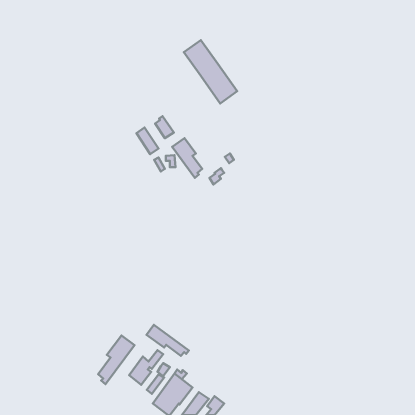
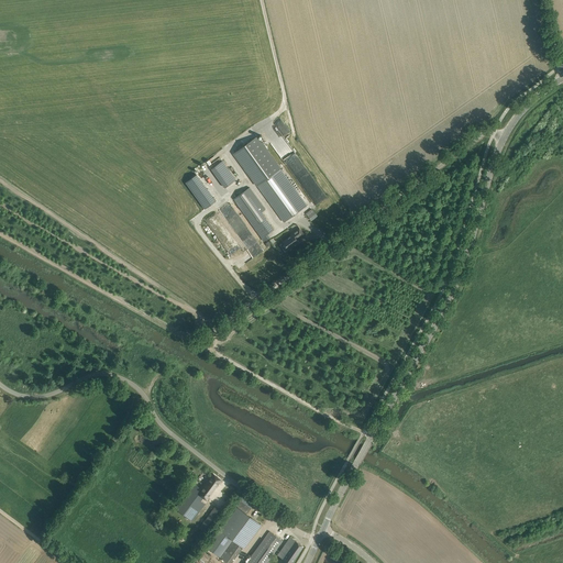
building: [184,40,237,103] -> [234,136,307,222]
building: [147,325,189,356] -> none
building: [98,335,134,384] -> none

